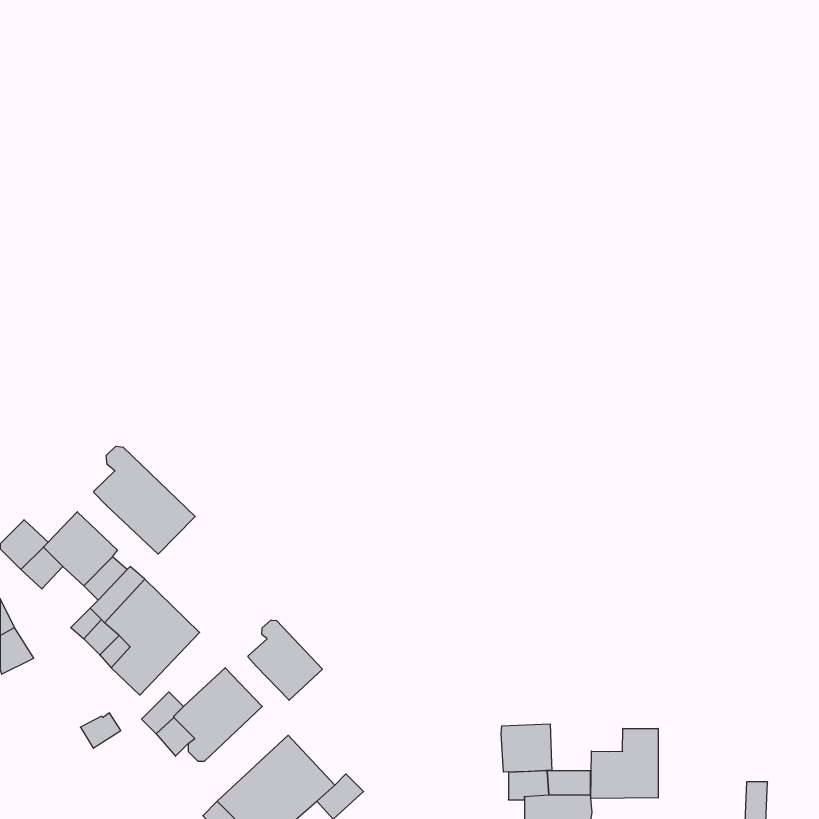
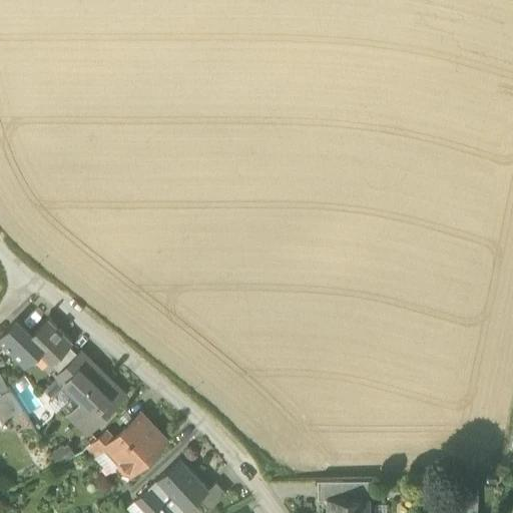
building: [94,446,195,554] -> none
building: [248,620,322,700] -> none
building: [501,724,552,772] -> none
building: [591,728,658,799] -> none

